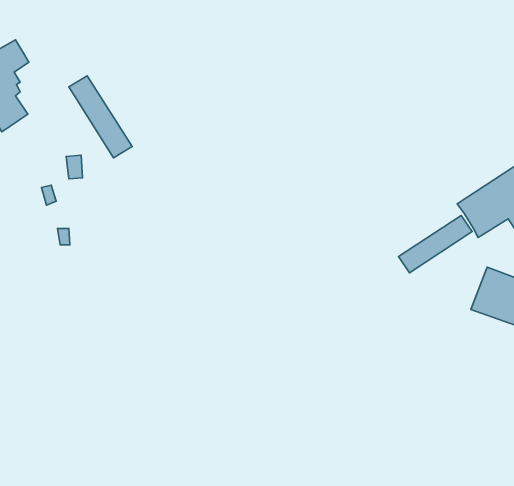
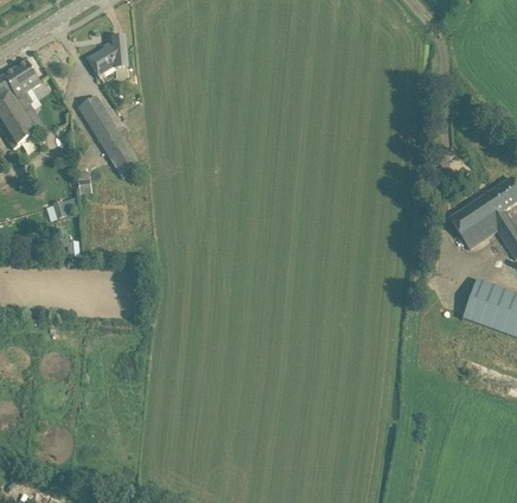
building: none -> [87,34,127,74]
building: [398,216,472,273] -> none

